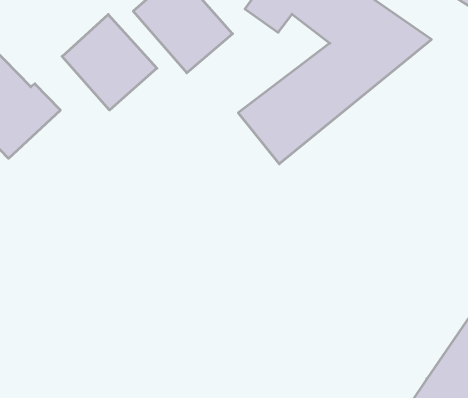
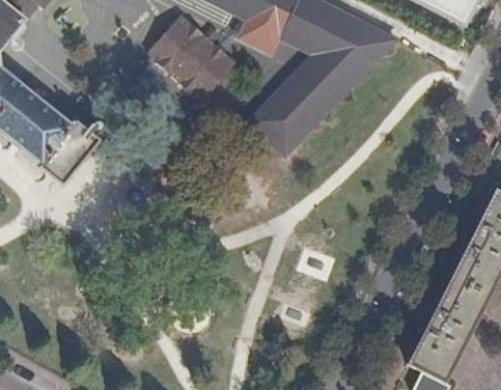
building: [62,14,157,110] -> none

